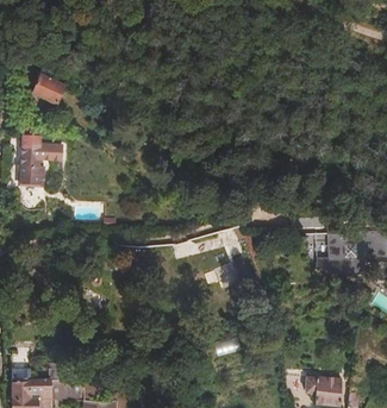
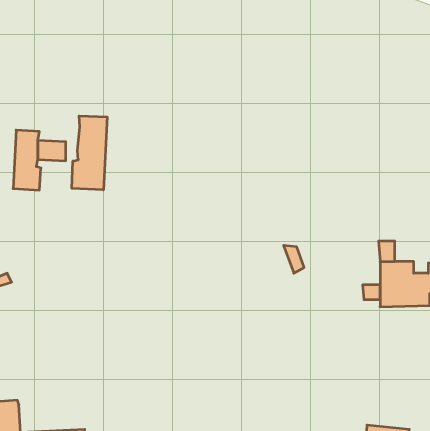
building: [32,71,68,105] -> none
building: none -> [72,116,107,190]

